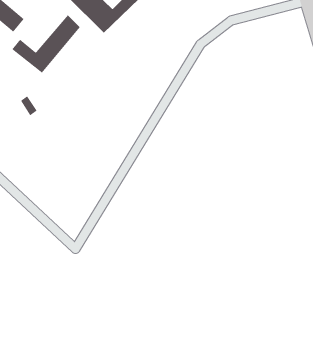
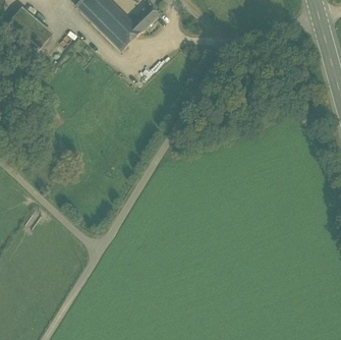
building: [11,14,80,74] -> none

